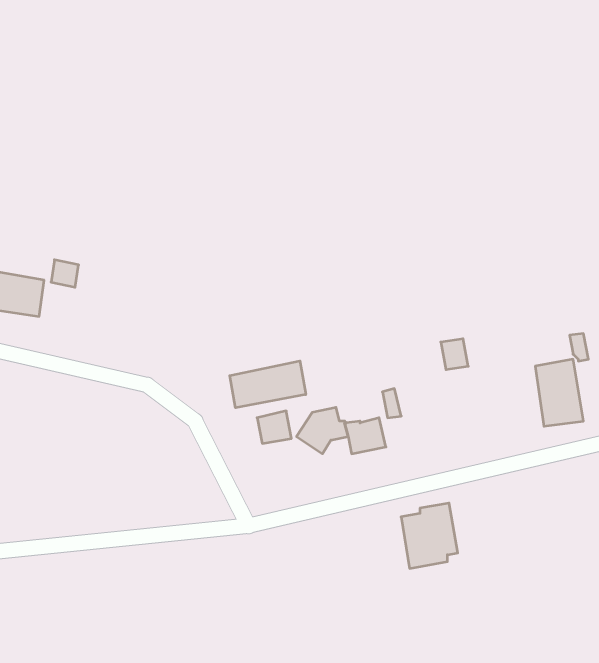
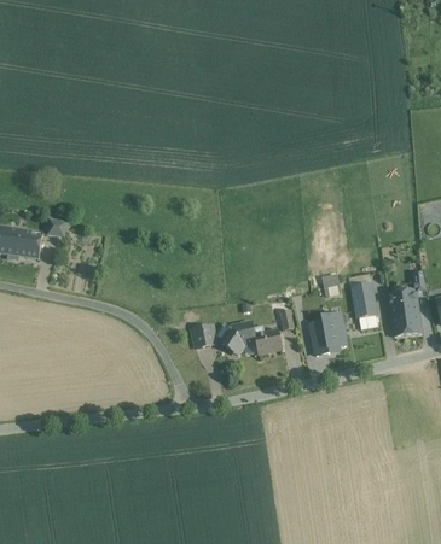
building: none -> [352,281,377,316]
building: [230,361,306,408] -> none
building: [401,503,458,568] -> [308,310,348,356]

